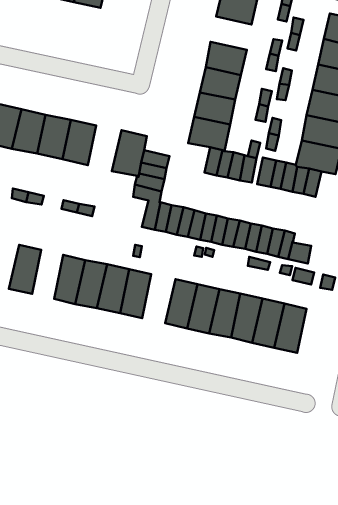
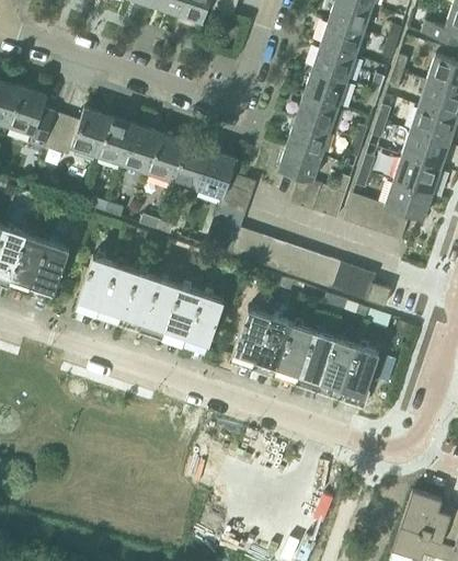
building: none -> [311,46,355,83]
building: none -> [172,144,210,192]
building: none -> [101,264,137,316]

